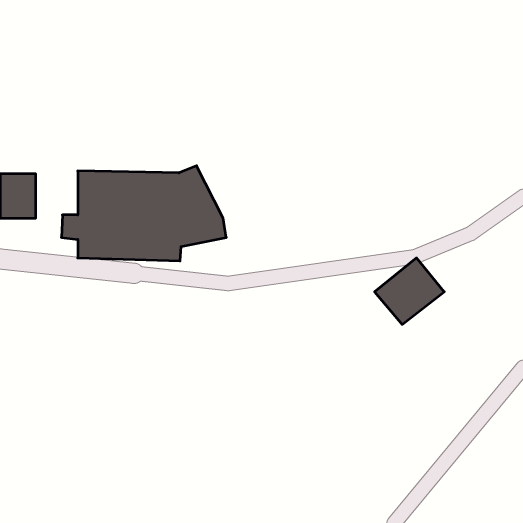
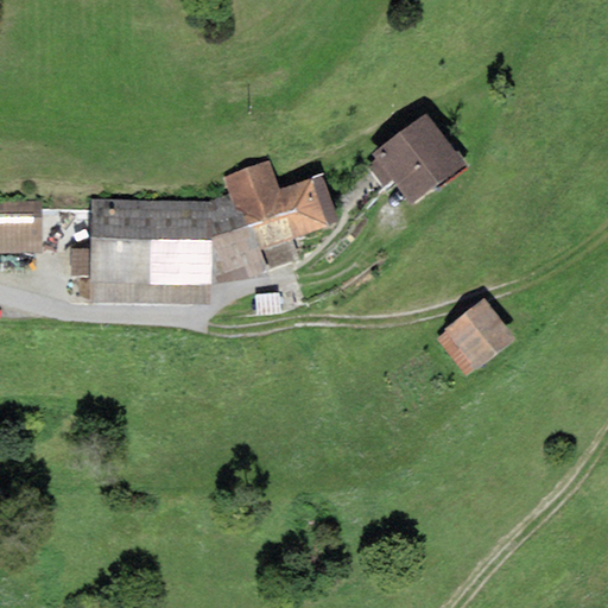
building: none -> [367,113,463,202]
building: none -> [222,162,337,253]

